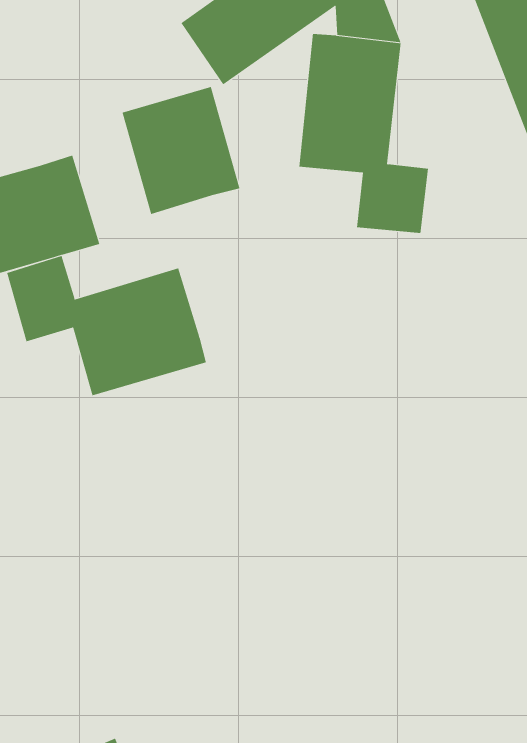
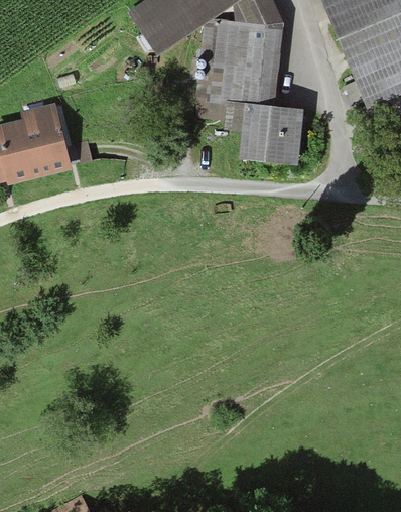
building: [122,86,240,215] -> none
building: [6,255,206,396] -> none

